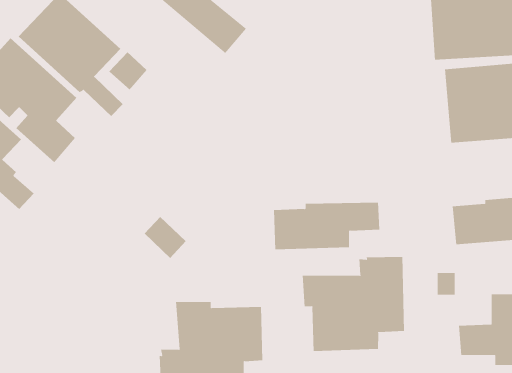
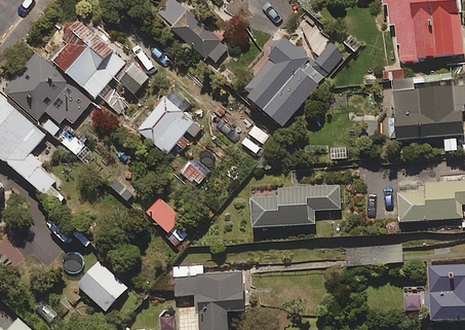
building: none -> [243,32,349,124]
building: none -> [137,96,201,154]
building: [302,256,405,352] -> none
building: none -> [76,261,125,310]

